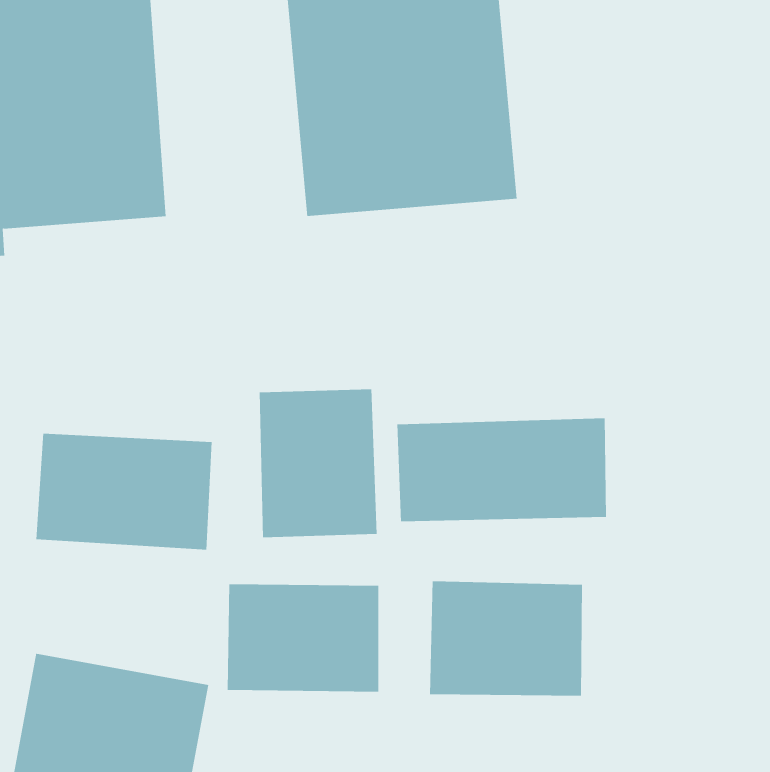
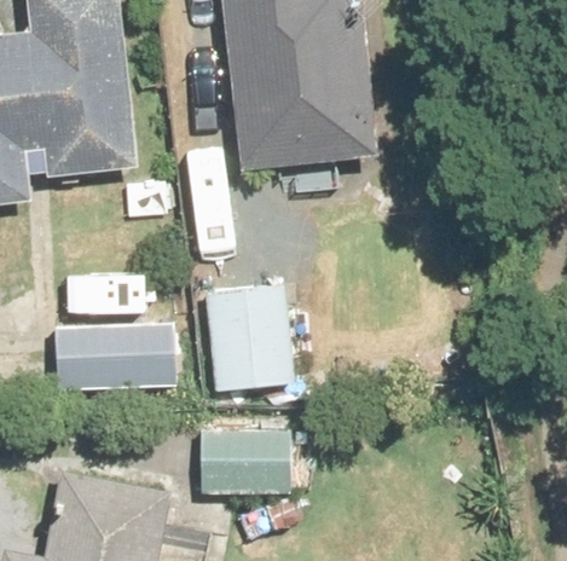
building: [397,418,607,522] -> none
building: [430,581,582,697] -> none

